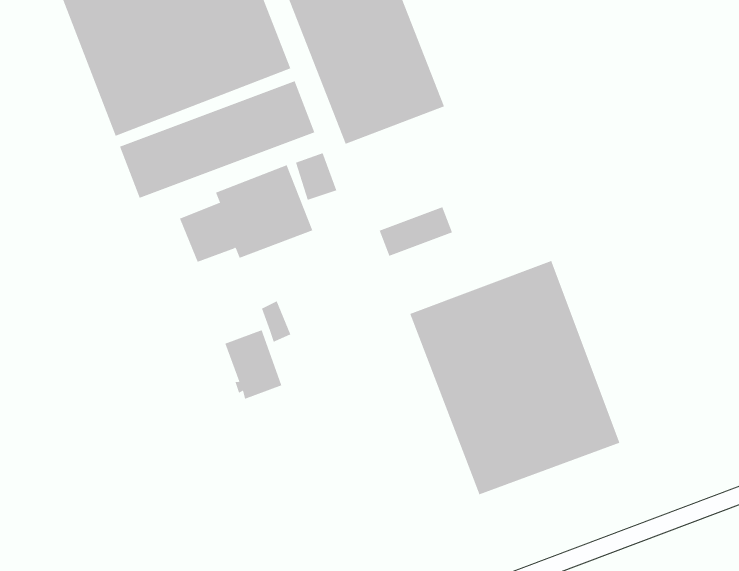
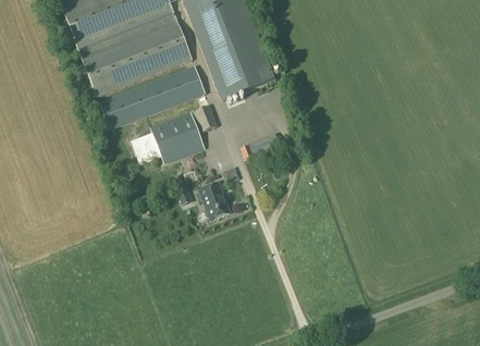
building: [409,260,620,495] -> none
building: [224,329,282,399] -> [199,182,231,220]

